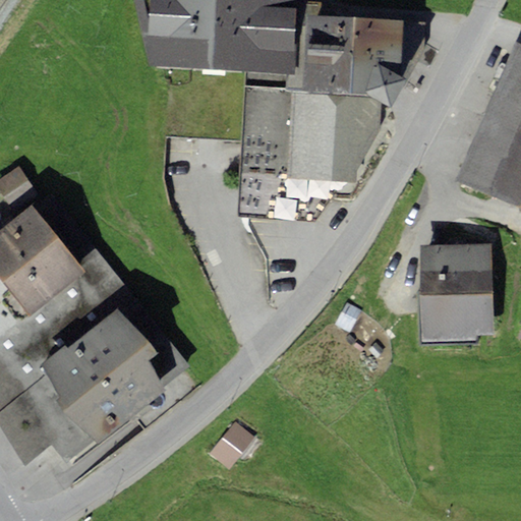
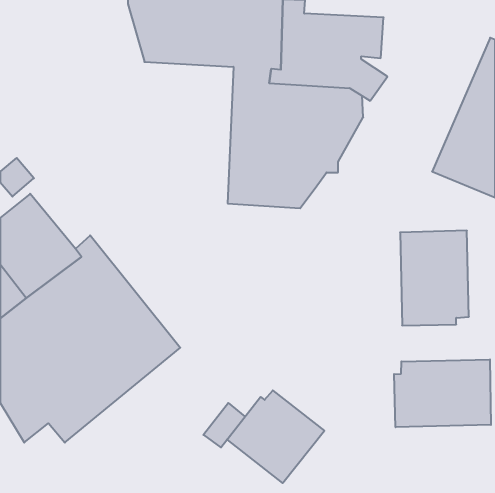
building: none -> [394,359,491,427]
building: none -> [227,390,324,483]

